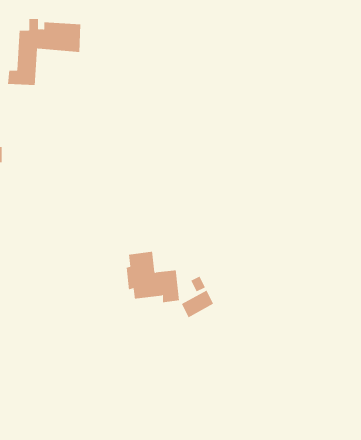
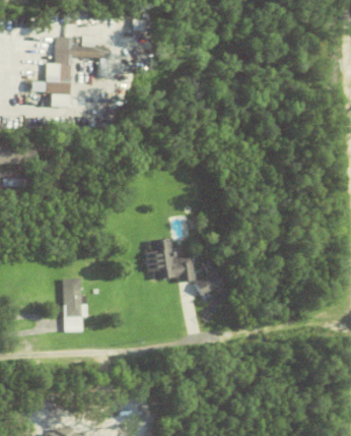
building: none -> [60,278,85,332]

